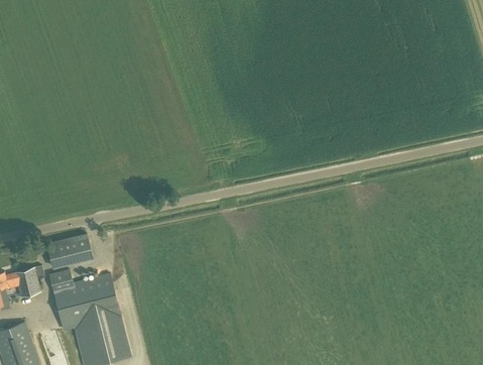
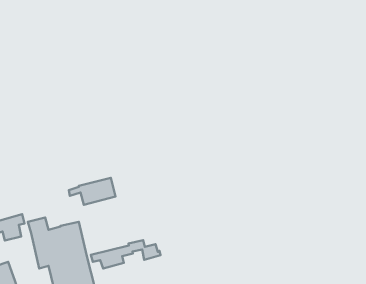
building: [35,234,93,267] -> [69,178,116,205]
building: none -> [91,240,161,268]

